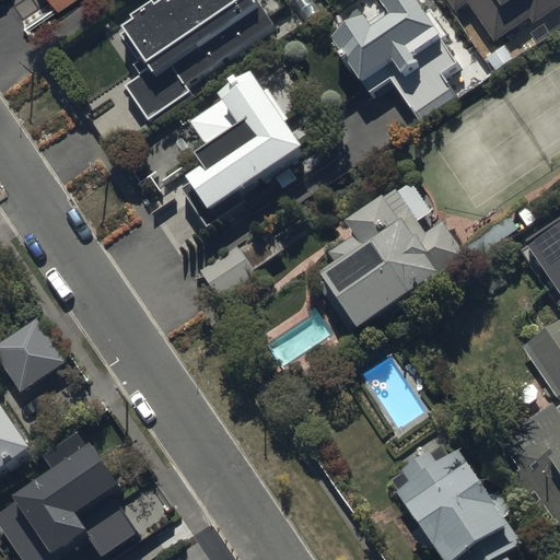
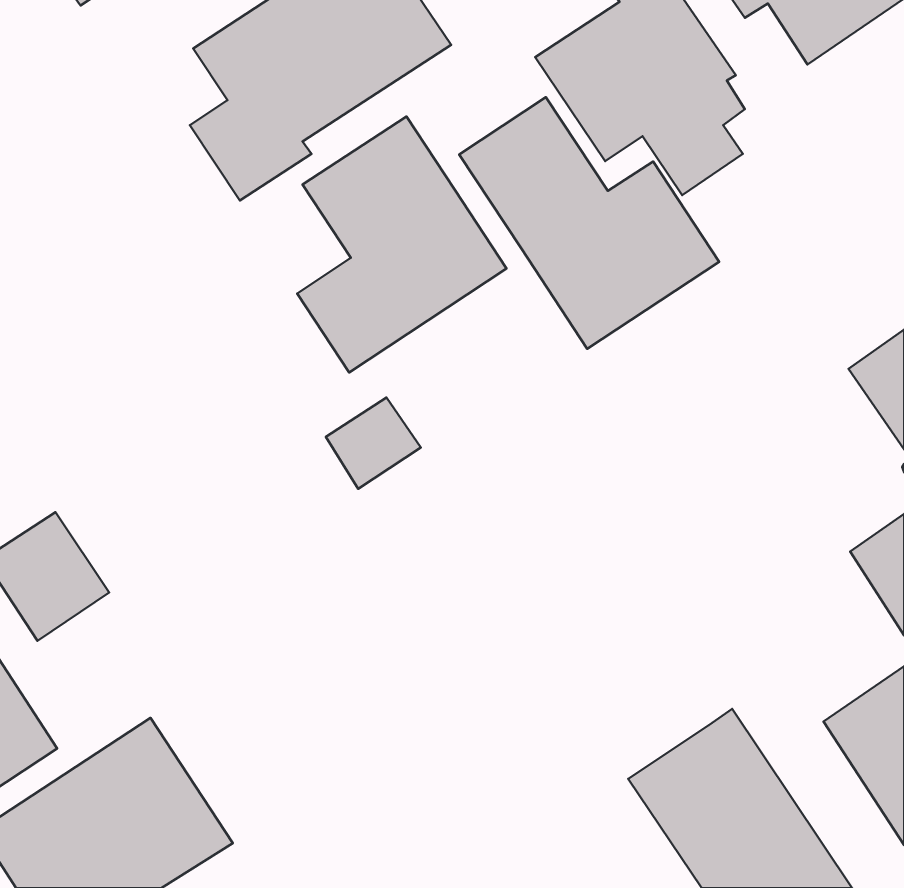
building: none -> [459,97,719,349]
building: [320,192,468,346] -> none

